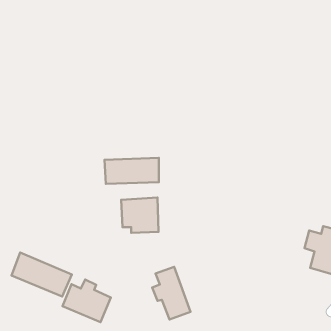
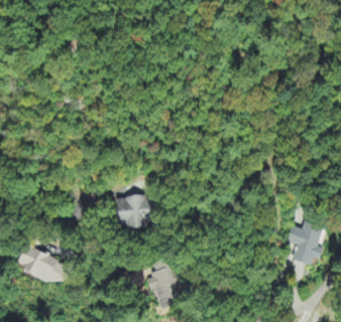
building: [105,158,159,184] -> none
building: [62,279,111,322] -> none

